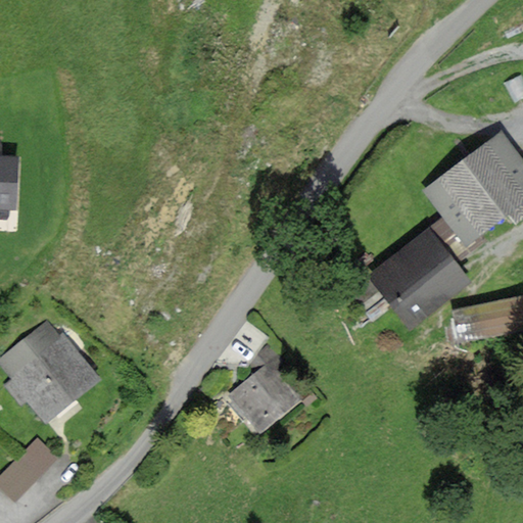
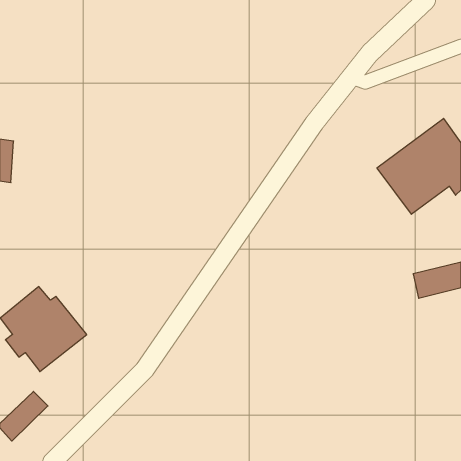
building: [370,221,469,326] -> none
building: [232,348,302,429] -> none

